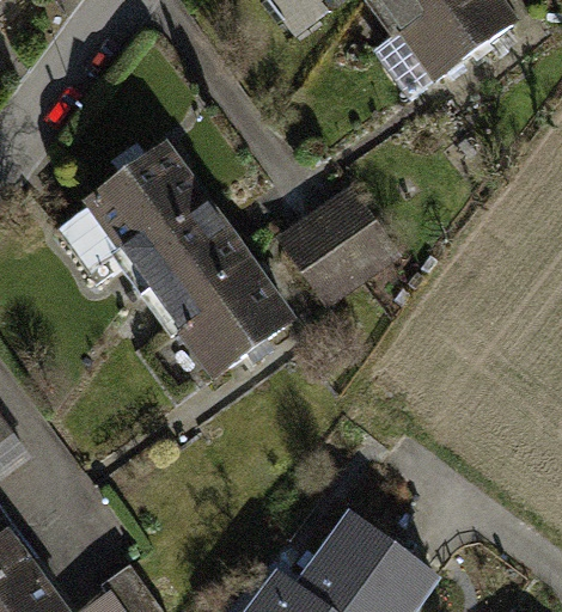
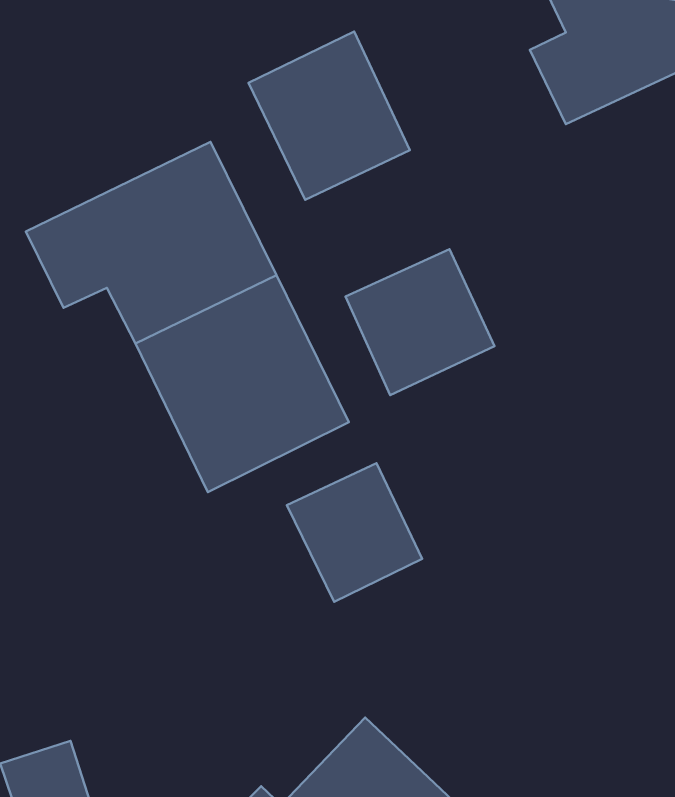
building: none -> [248,32,410,200]
building: none -> [287,463,422,602]

